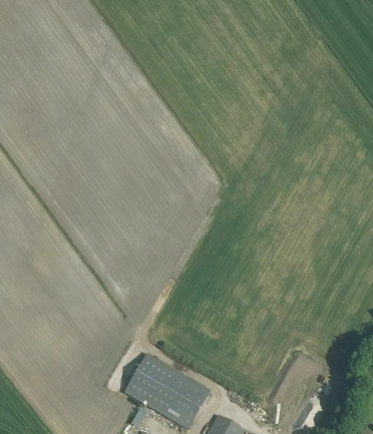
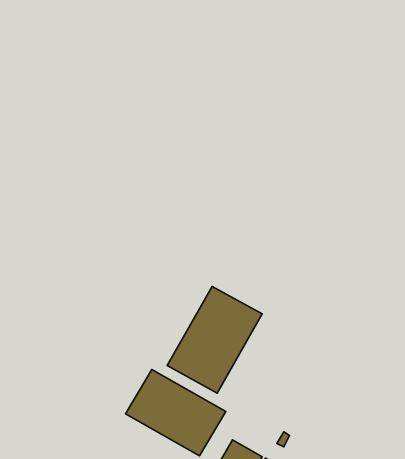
building: none -> [167,286,262,393]

